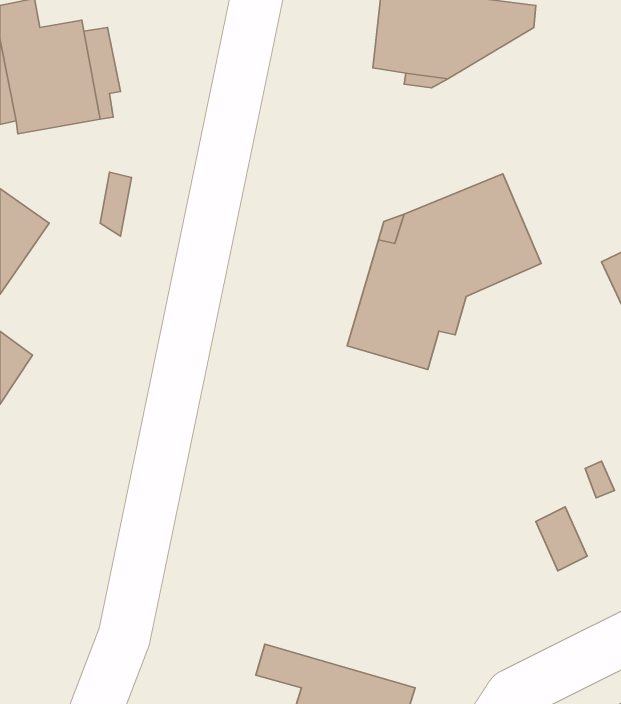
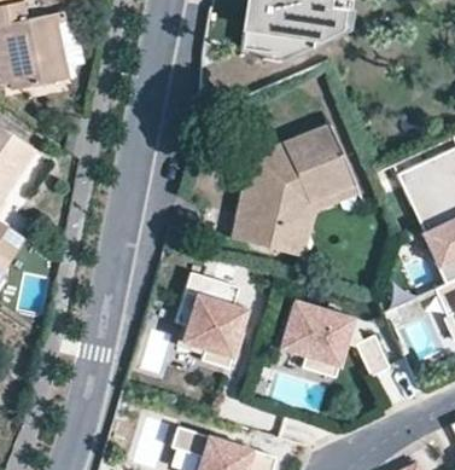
building: none -> [282,176,362,253]
building: none -> [171,277,241,372]
building: none -> [279,303,354,381]

